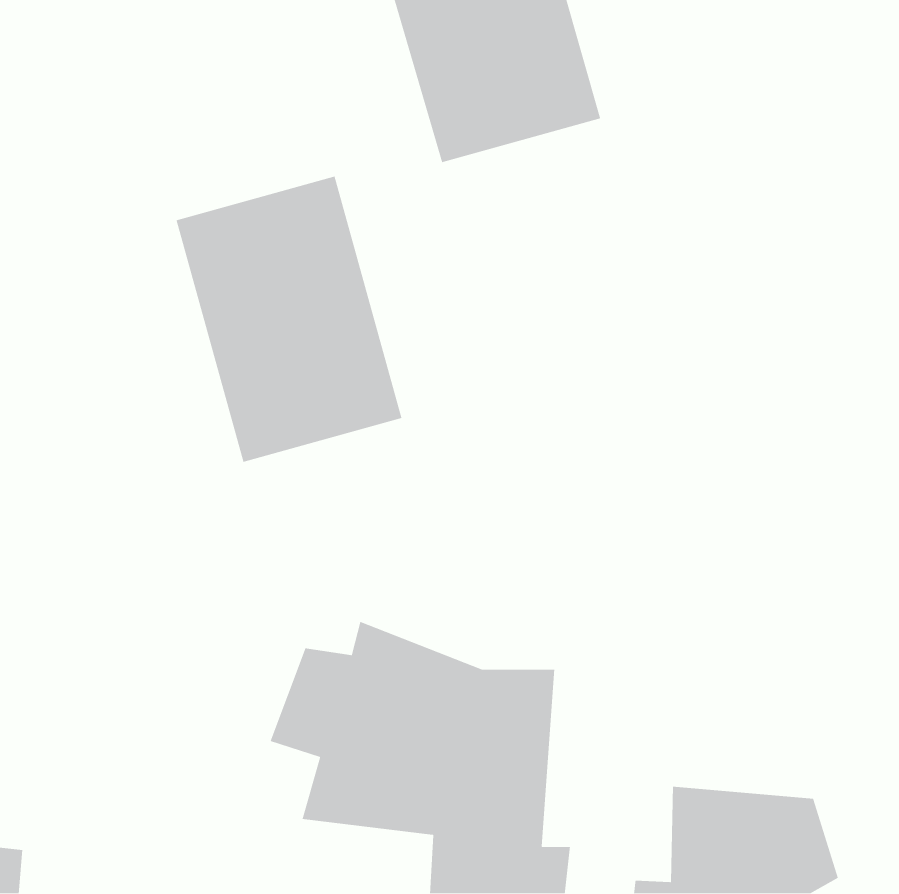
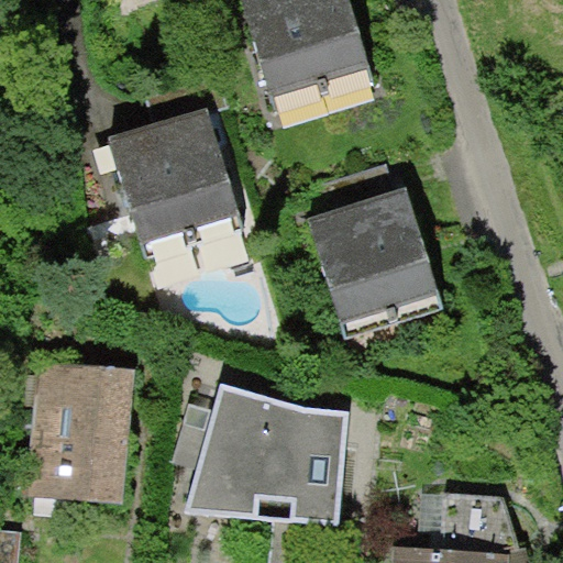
building: none -> [311,190,439,331]
building: none -> [23,362,131,501]

